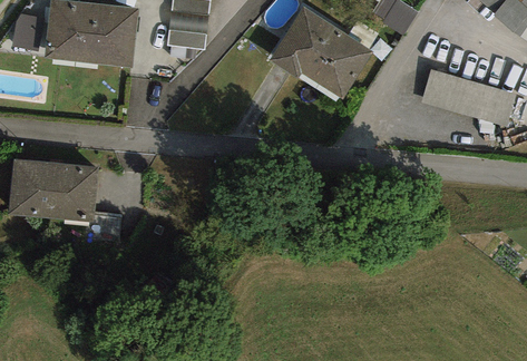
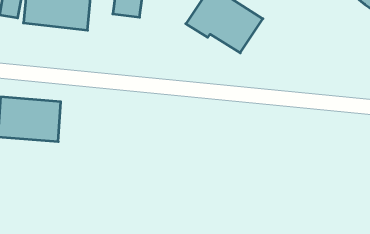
building: [420,69,514,125] -> none

